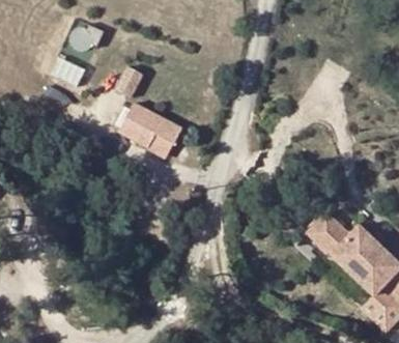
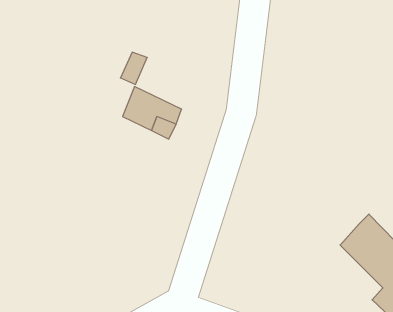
building: [309,212,351,255] -> none

